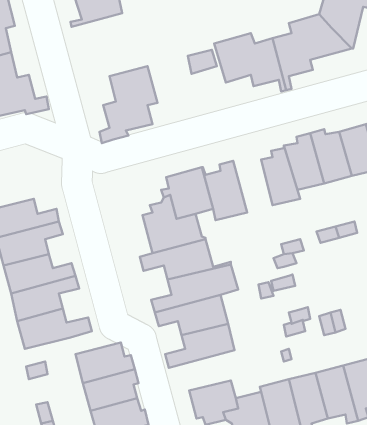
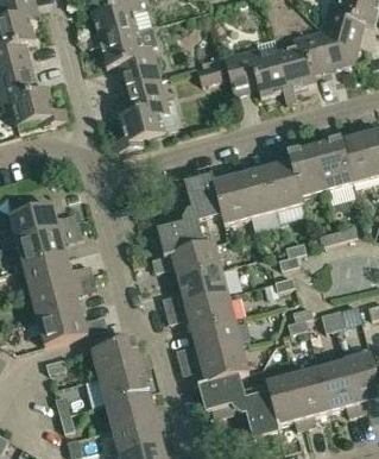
building: none -> [88,29,159,88]
building: none -> [240,164,277,216]
building: none -> [179,346,248,384]

